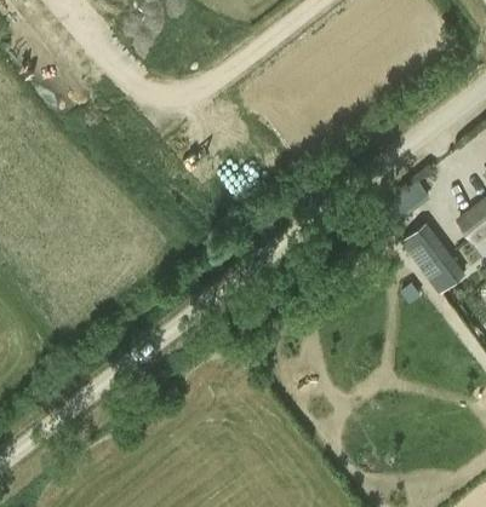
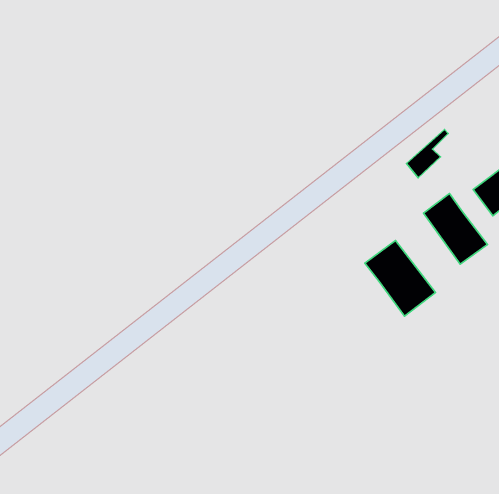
building: none -> [365,241,435,316]

